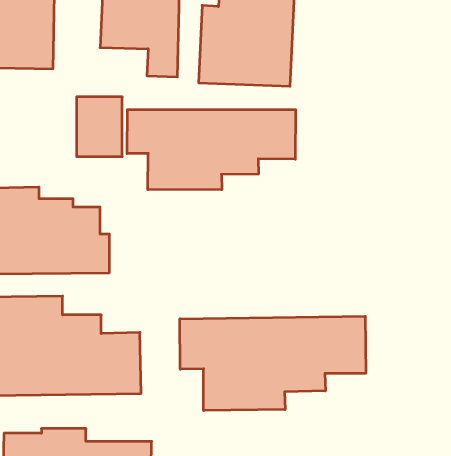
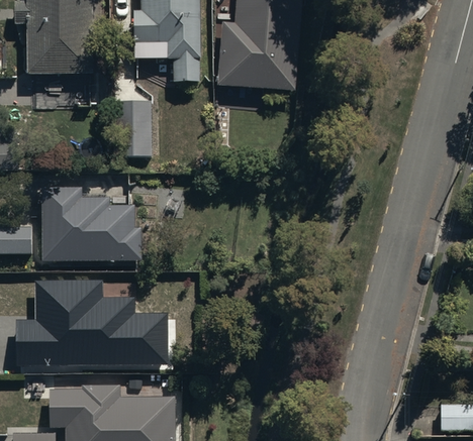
building: [127,110,296,190] -> none
building: [180,316,366,411] -> none

